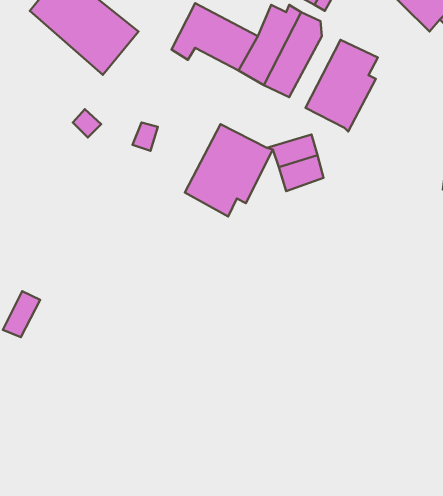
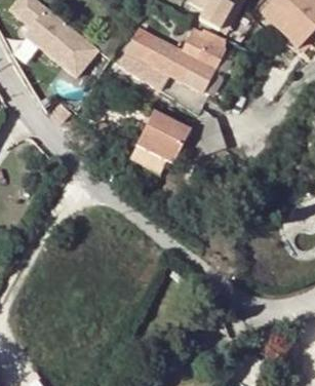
building: [306,40,378,131] -> none

